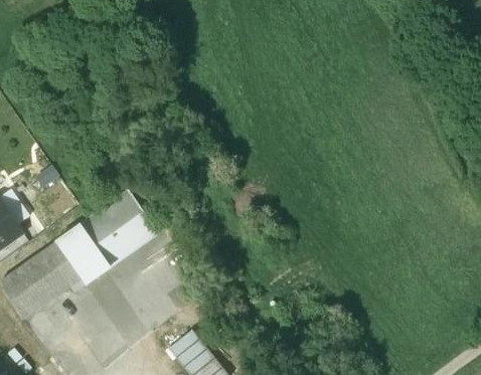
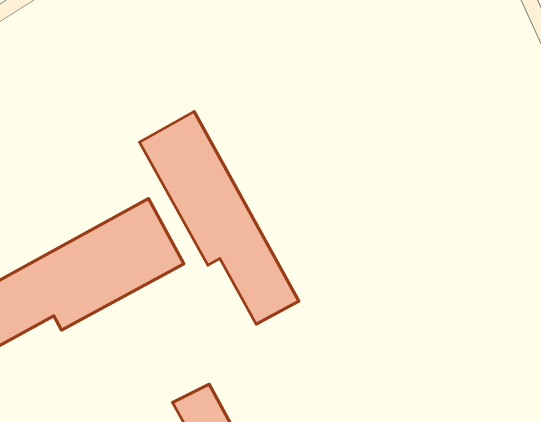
building: none -> [139,111,299,324]

